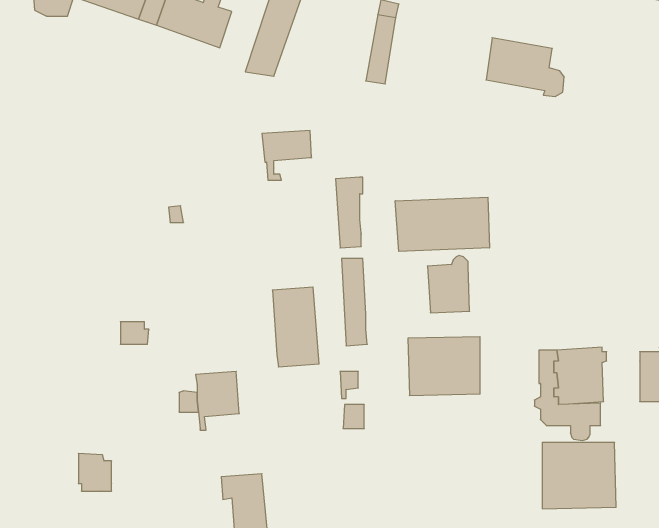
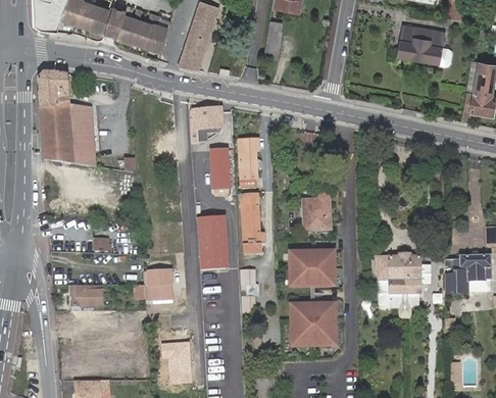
building: [486,38,564,97] -> [398,26,451,65]
building: none -> [38,71,95,166]
building: none -> [210,149,230,193]
building: [395,197,489,251] -> none
building: [542,442,616,509] -> [289,301,339,346]
building: [78,453,112,491] -> [70,284,93,309]

